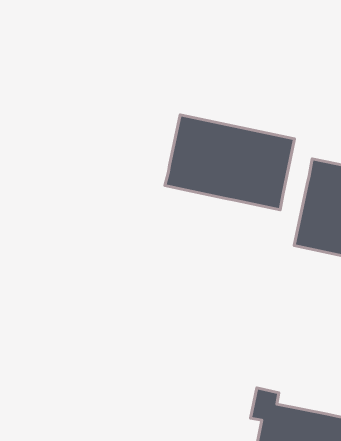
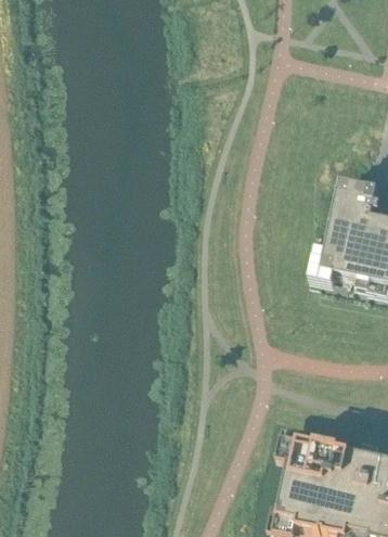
building: [165,115,294,210] -> none

